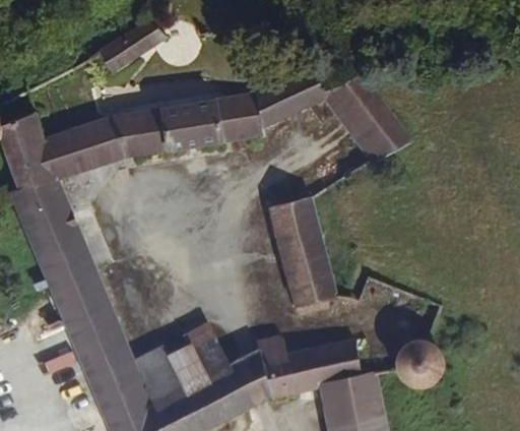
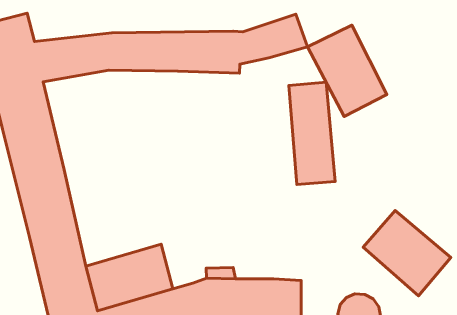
building: [275,197,338,306] -> [289,82,335,184]
building: none -> [363,211,451,296]

